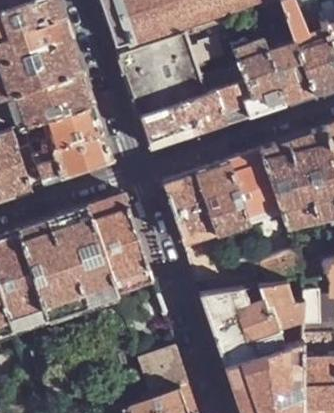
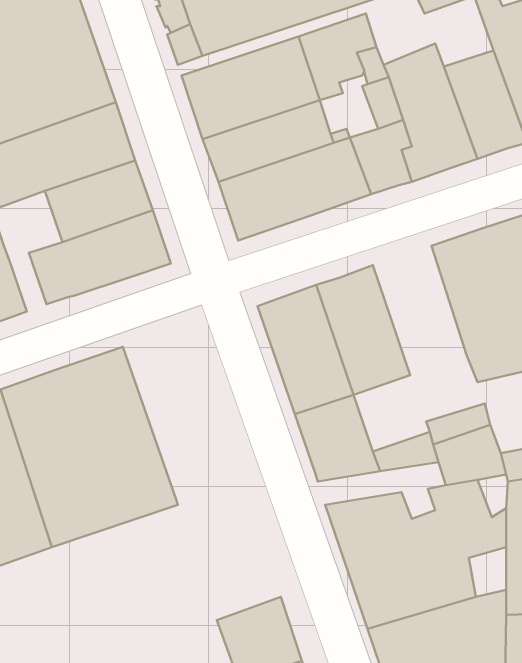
building: [23,121,53,189] -> none
building: [228,152,281,225] -> none
building: [87,197,153,295] -> none

